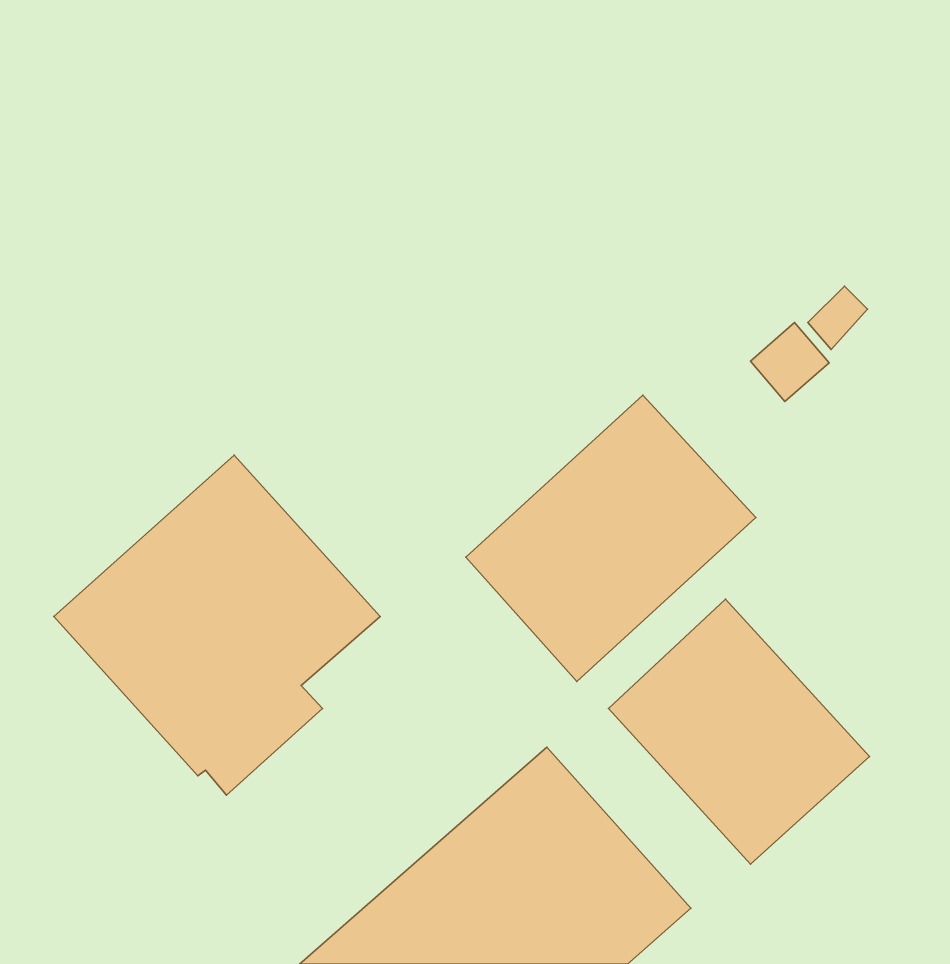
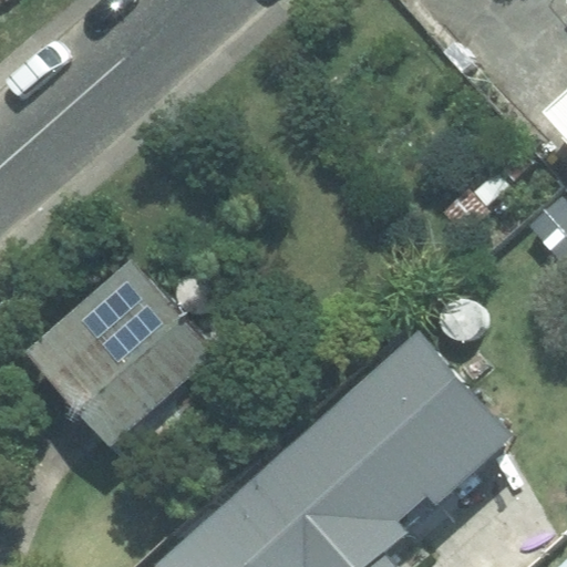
building: [466,395,756,681] -> none

